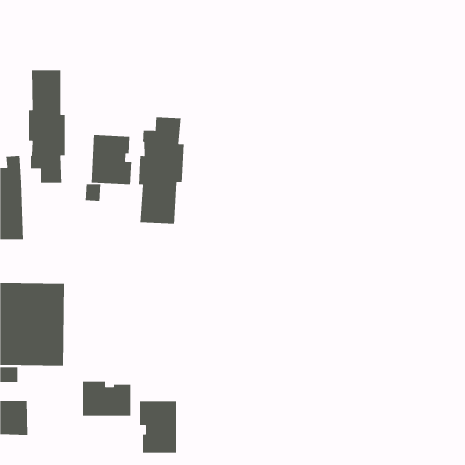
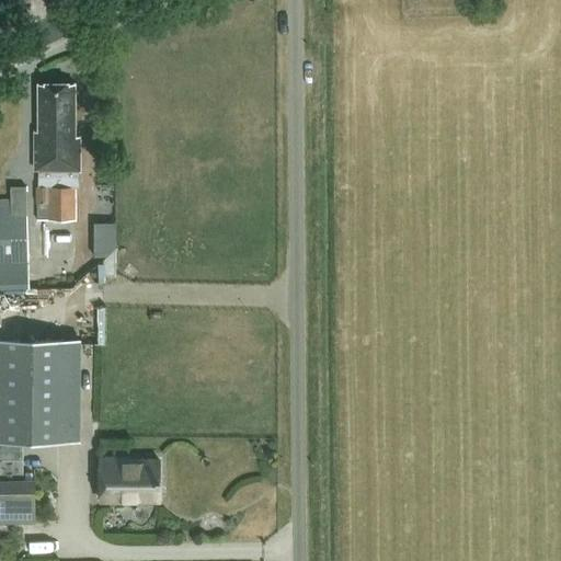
building: [138,117,184,224] -> none
building: [91,134,132,185] -> none
building: [139,401,177,453] -> none

